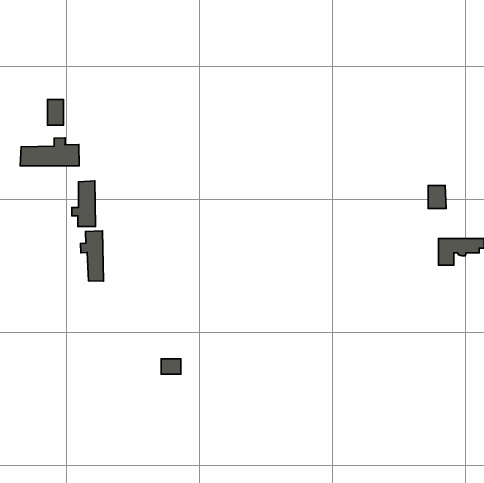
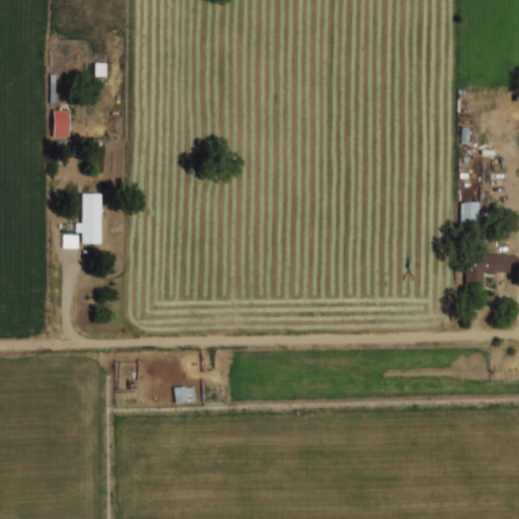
building: [20,138,79,166] -> none
building: [81,231,104,281] -> none

